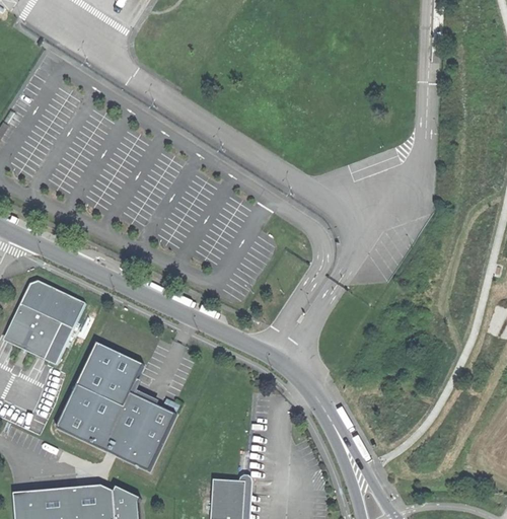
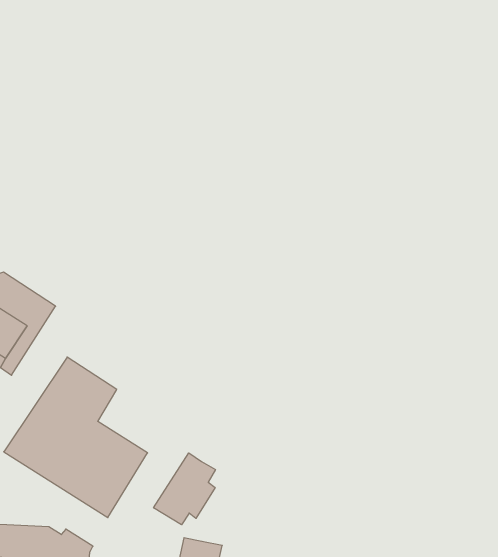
building: none -> [154,453,215,525]

